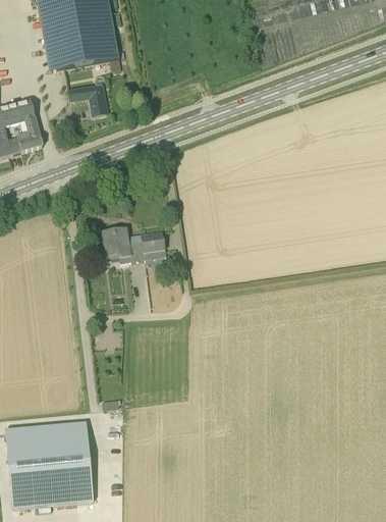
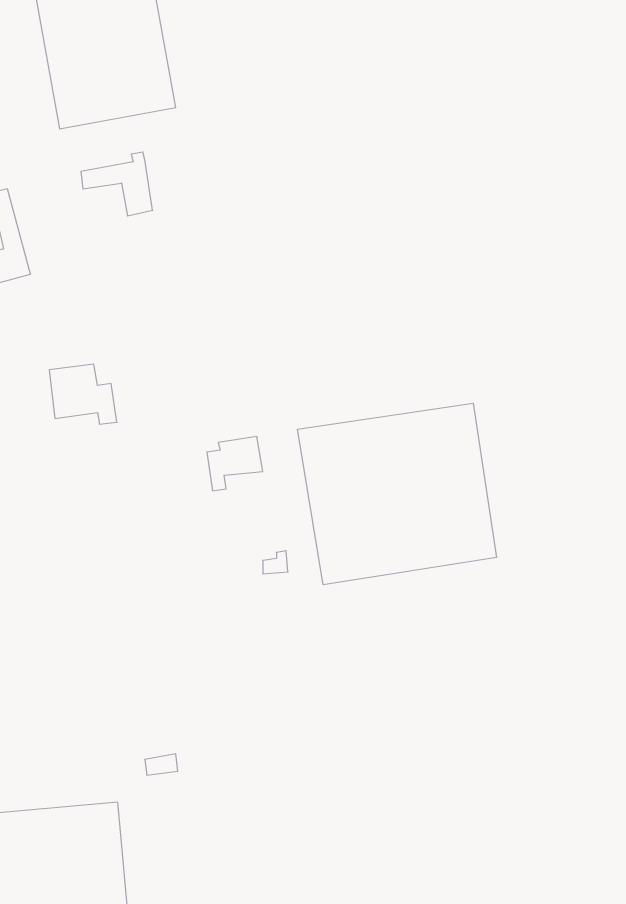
building: none -> [297,403,496,585]
building: [101,229,136,261] -> [49,364,117,424]

